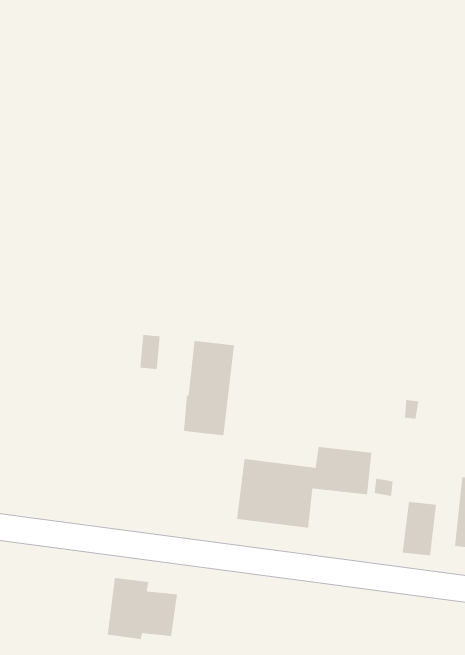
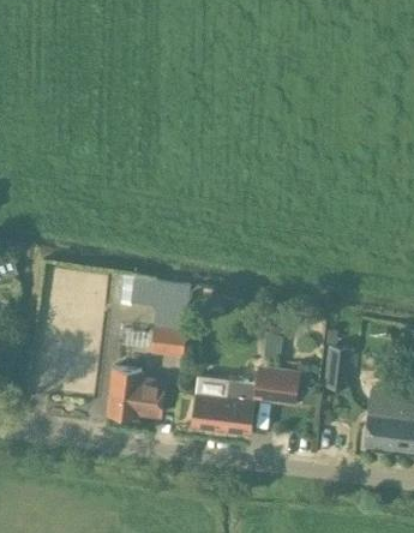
building: [402,501,437,556] -> [324,347,352,390]
building: [107,577,178,639] -> [108,370,164,419]

